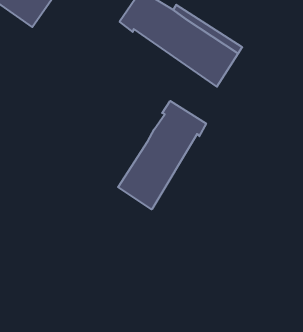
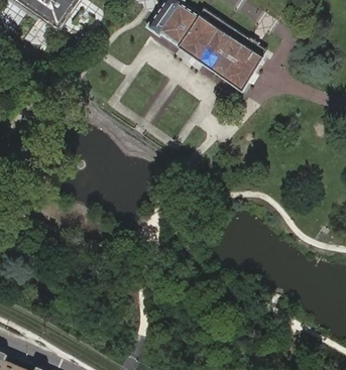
building: [118,101,206,209] -> none

